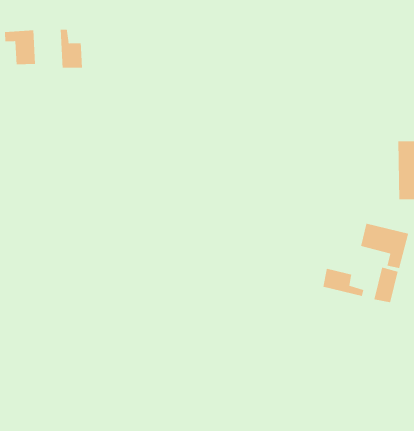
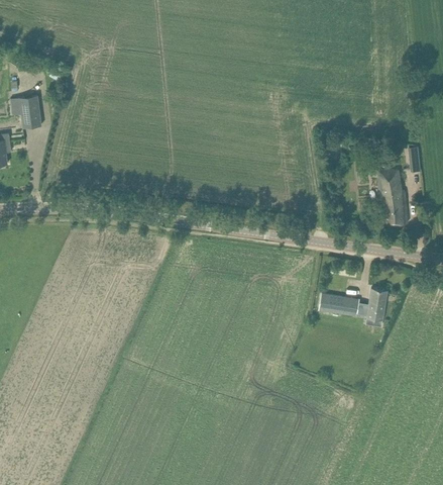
building: [60,29,83,68] -> none
building: [361,223,409,269] -> none

